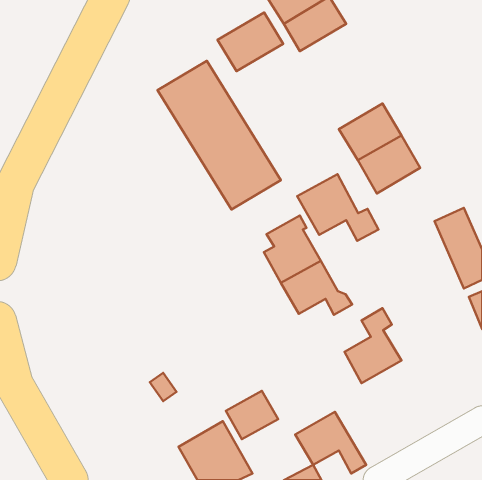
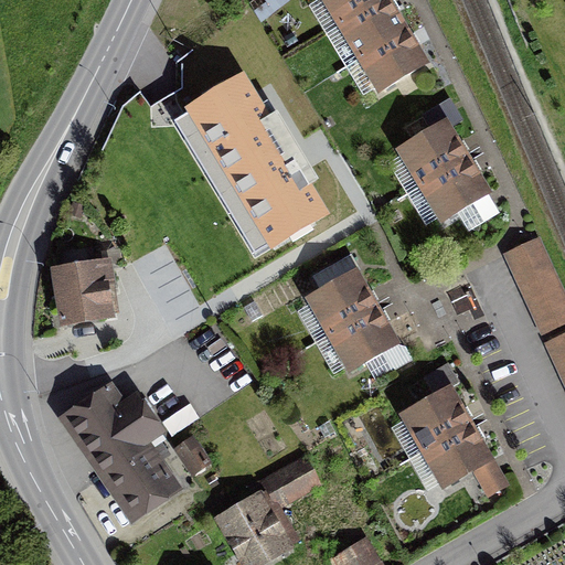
building: [218,12,283,71] -> [349,28,425,96]
building: [297,174,379,241] -> none
building: none -> [49,257,114,326]
building: none -> [63,384,189,527]
building: [295,412,366,473] -> [420,419,503,491]

